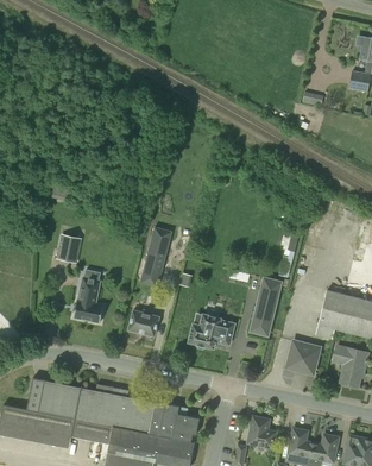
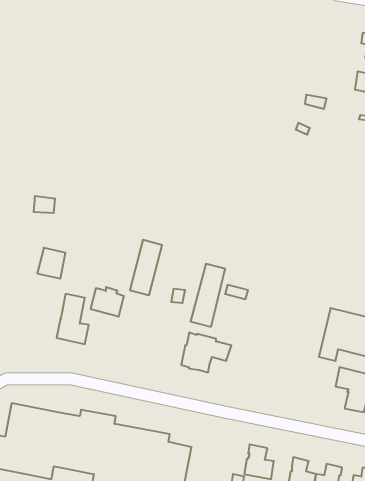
building: [250,278,282,336] -> [191,264,225,327]
building: [127,309,158,336] -> [91,287,124,317]
building: [288,342,319,373] -> none

